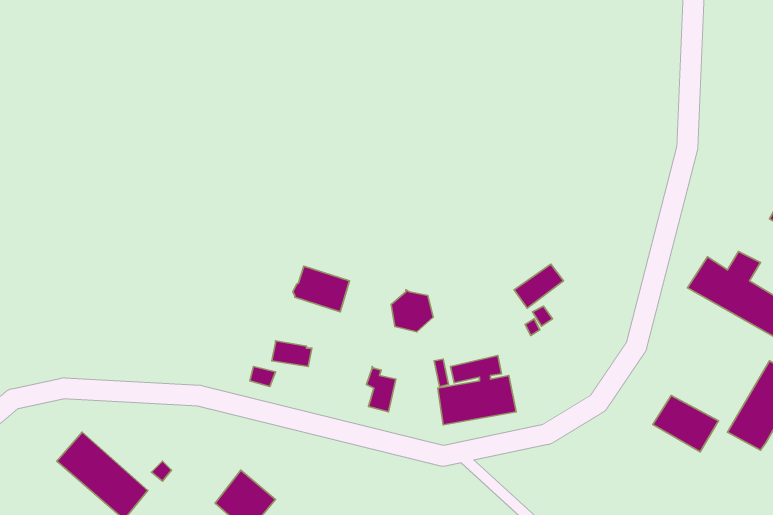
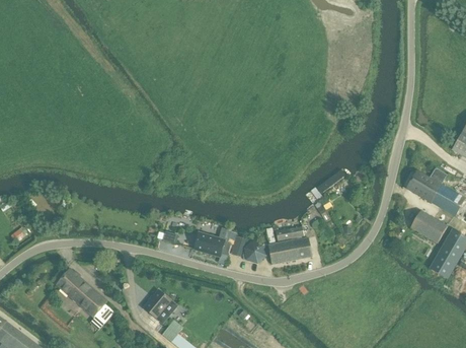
building: [293,266,349,312] -> [193,231,225,257]
building: [391,290,433,332] -> [244,239,267,263]
building: [653,395,718,452] -> [411,211,448,242]

